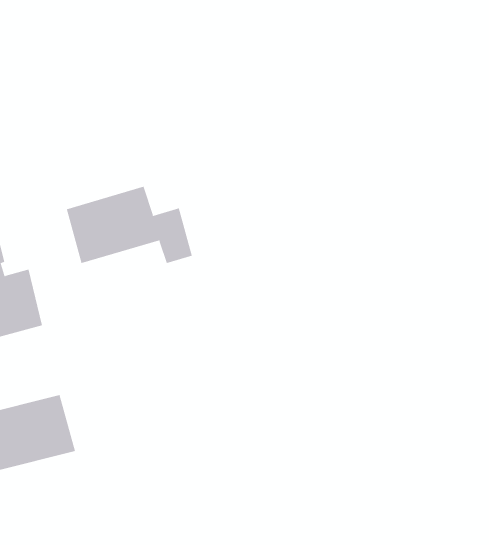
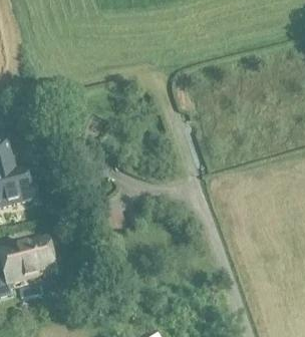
building: [66,186,192,264] -> none

